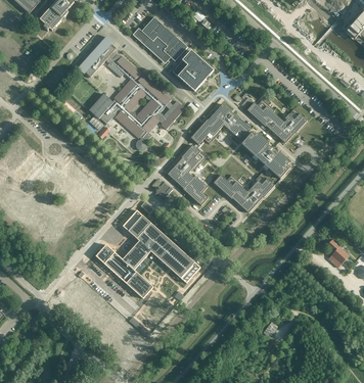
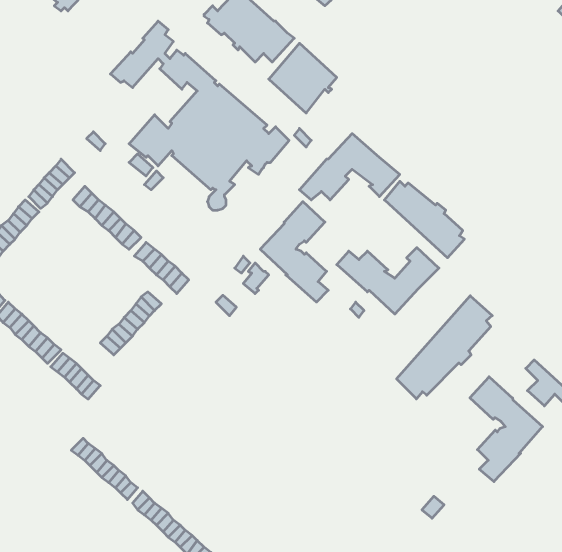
building: [246,98,307,142] -> none
building: none -> [397,296,492,399]
building: [95,209,199,297] -> none
building: none -> [470,377,543,482]

